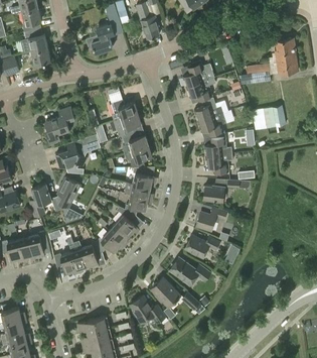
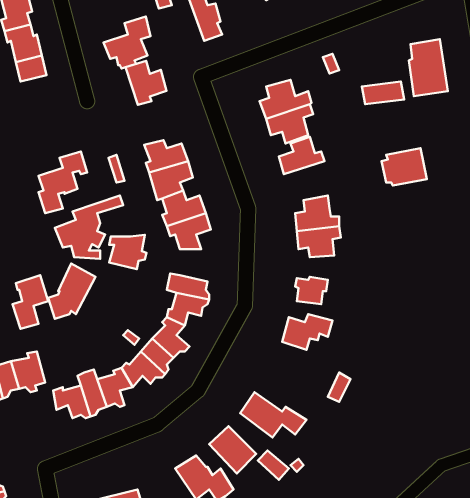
building: none -> [125,61,167,105]
building: [197,113,226,137] -> none
building: [133,166,156,188] -> [109,235,147,269]
building: [184,234,220,258] -> none

